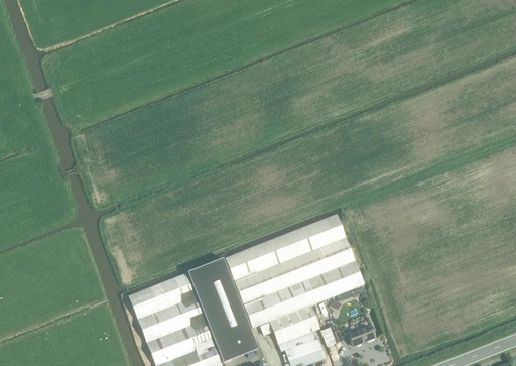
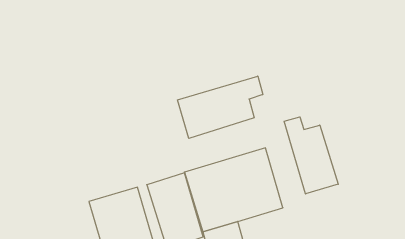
building: none -> [178,76,263,138]
building: none -> [284,117,338,194]

